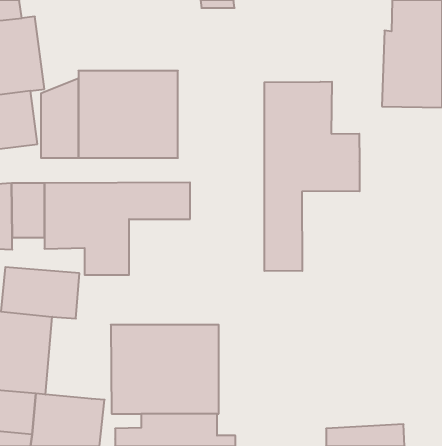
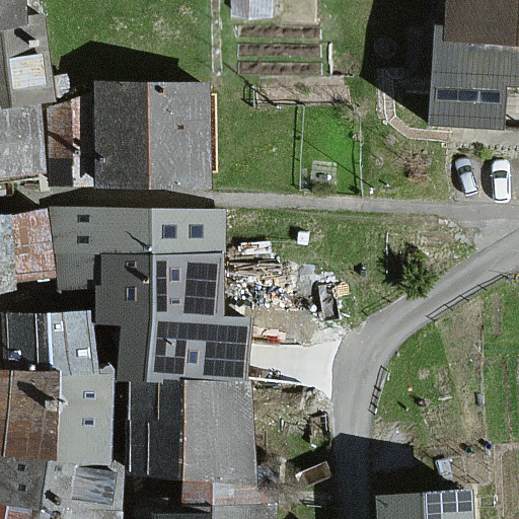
building: [264,82,360,271] -> none
building: none -> [124,254,250,377]
building: none -> [53,368,115,463]

